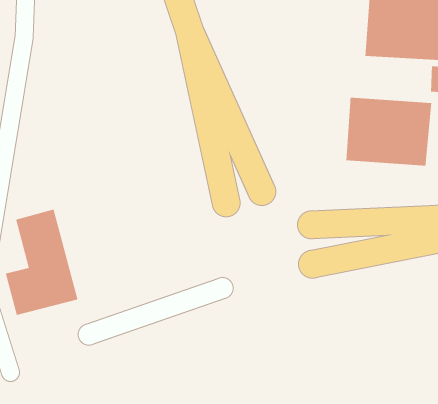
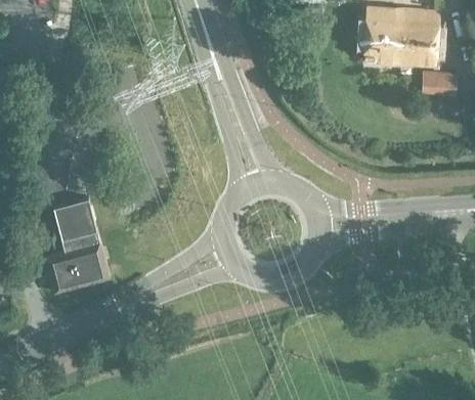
building: [345,97,432,166] -> none

